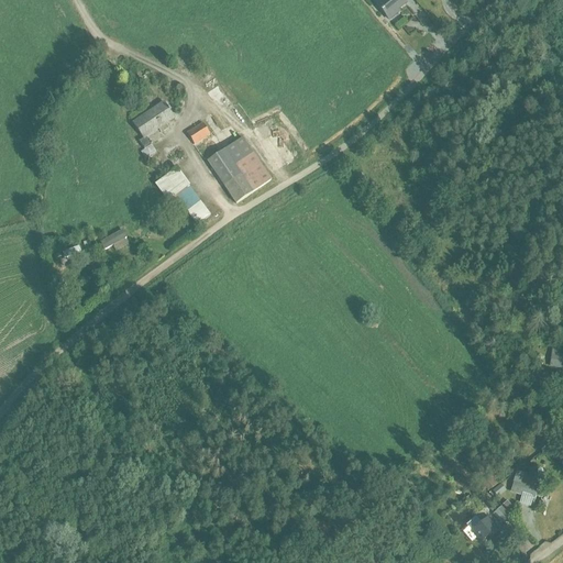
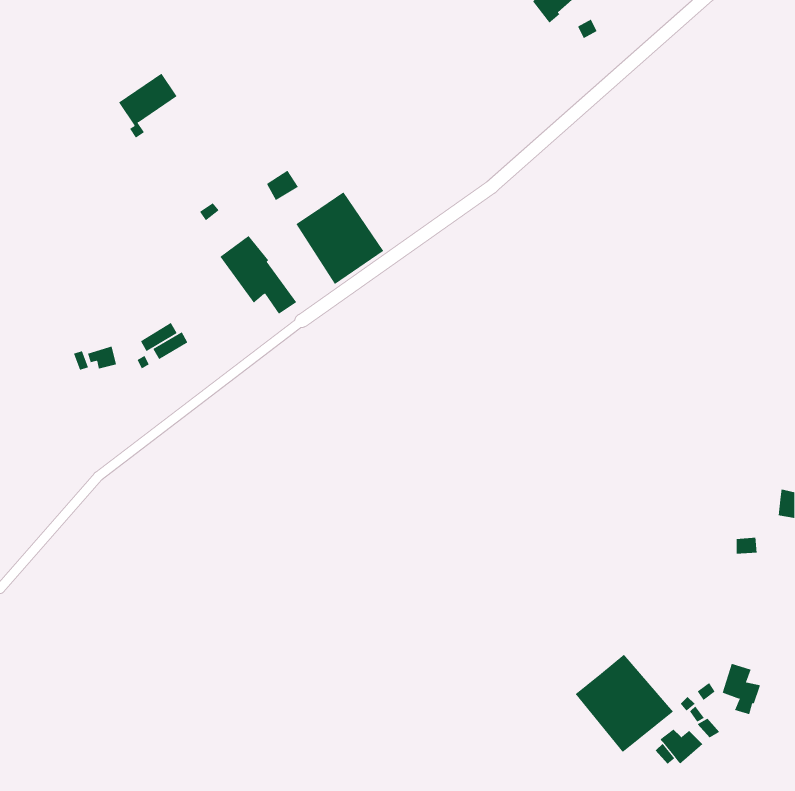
building: [132,99,174,145] -> [118,73,177,138]
building: none -> [575,654,674,753]

